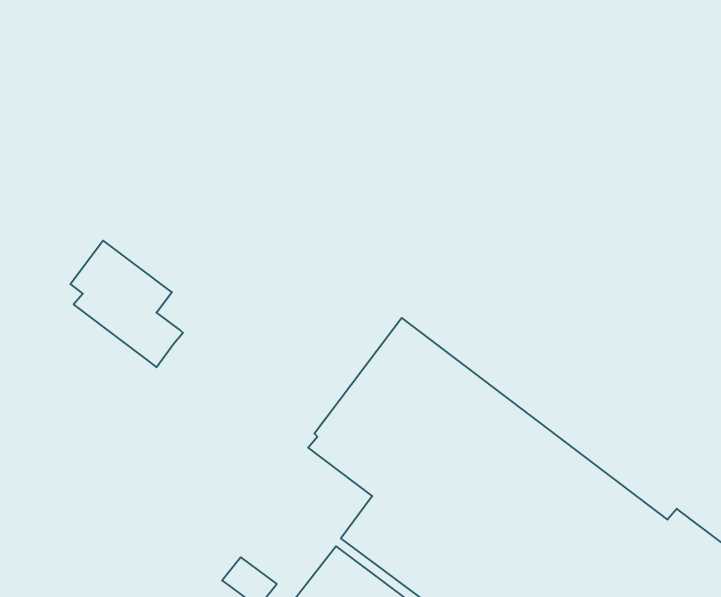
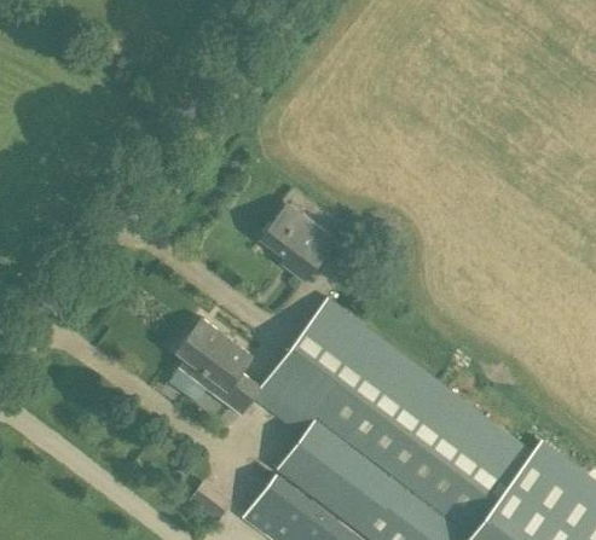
building: none -> [261,209,336,283]
building: [70,241,183,367] -> [175,318,262,416]

